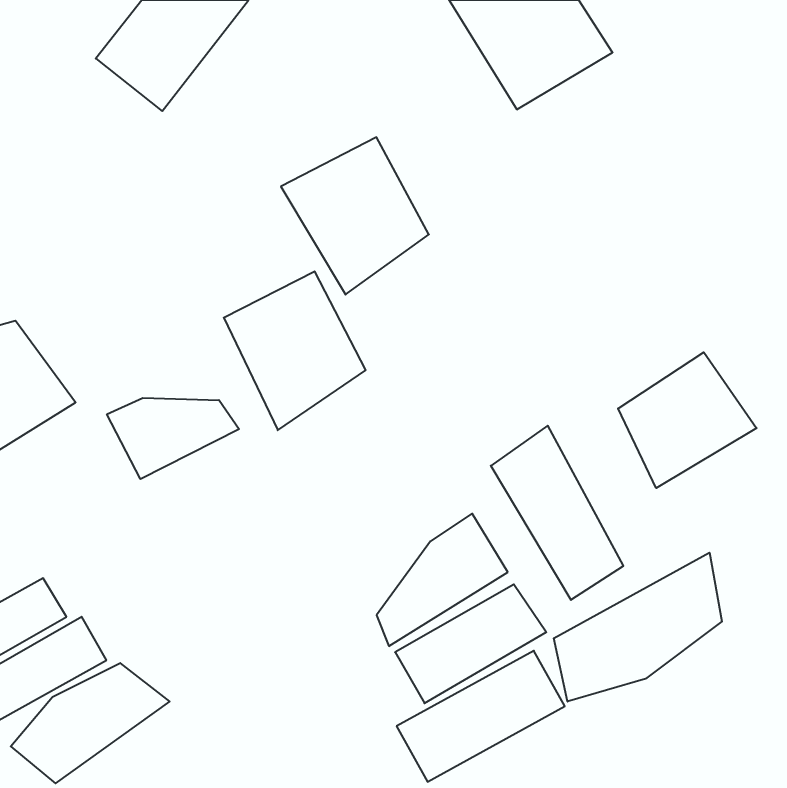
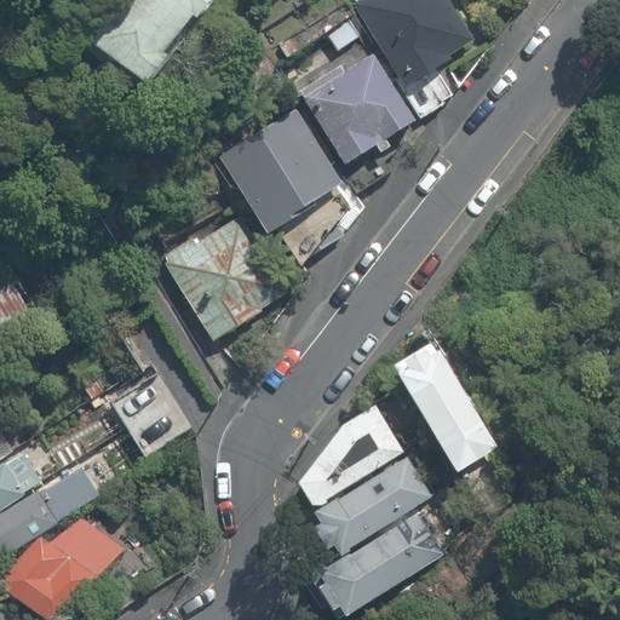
building: none -> [304,53,414,162]
building: [618,352,757,488] -> none
building: [107,398,239,479] -> none
building: [554,553,722,702] -> none

